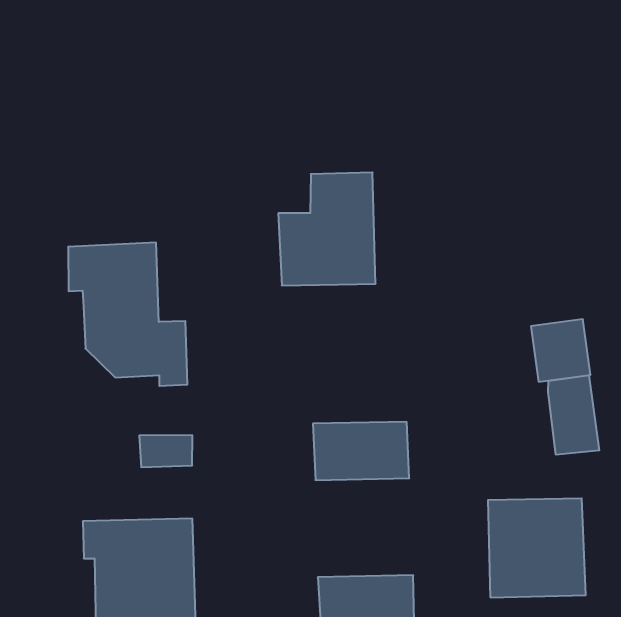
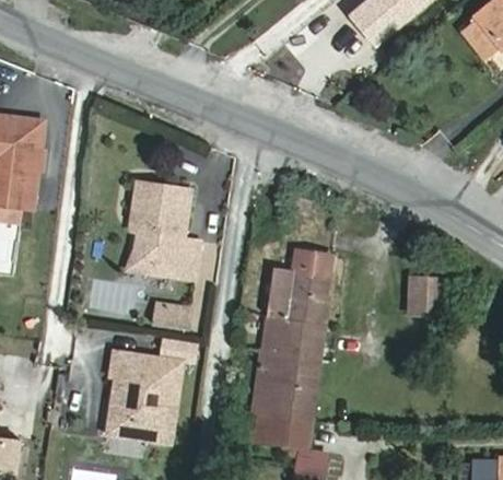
building: [278,172,376,285] -> [266,250,334,325]
building: [548,375,599,455] -> none
building: [488,498,586,597] -> [253,351,319,420]

